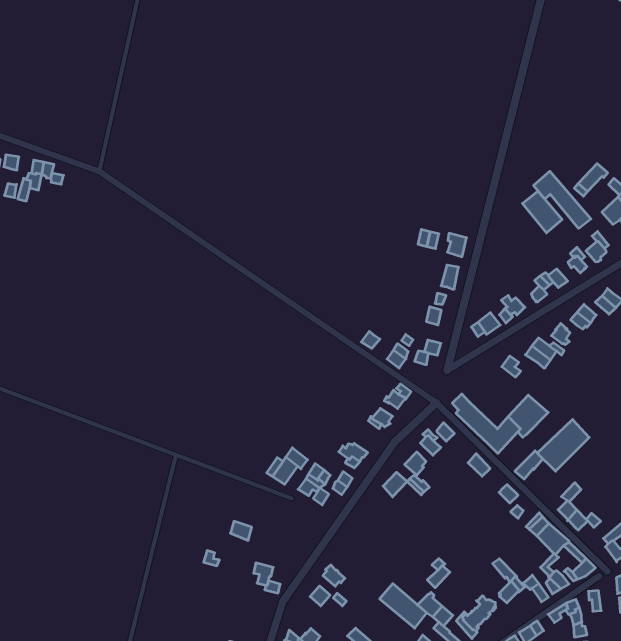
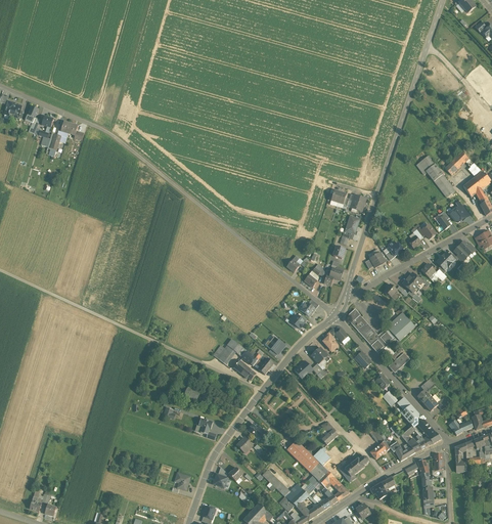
building: [522,191,562,233] -> none
building: [537,419,589,471] -> none

